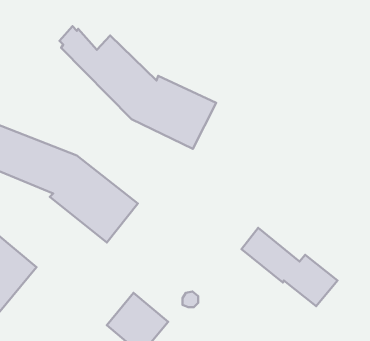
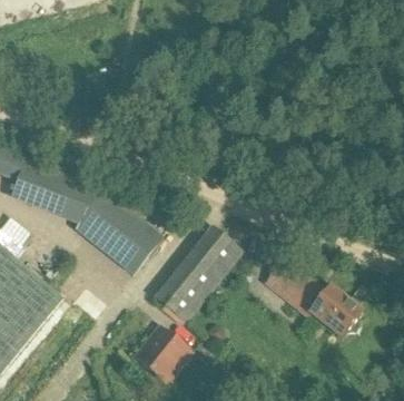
building: [59,26,216,149] -> none
building: none -> [161,228,242,317]

